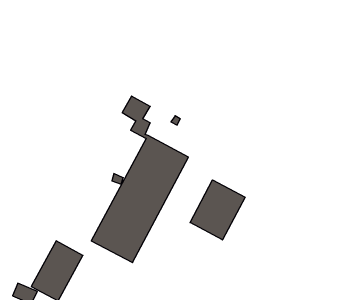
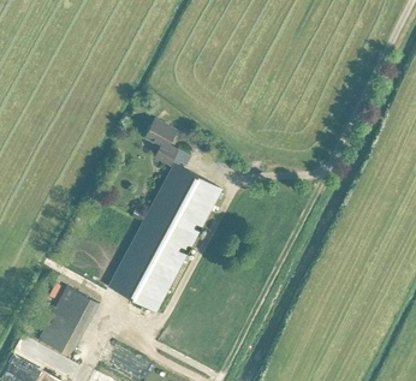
building: [190,180,245,240] -> none

